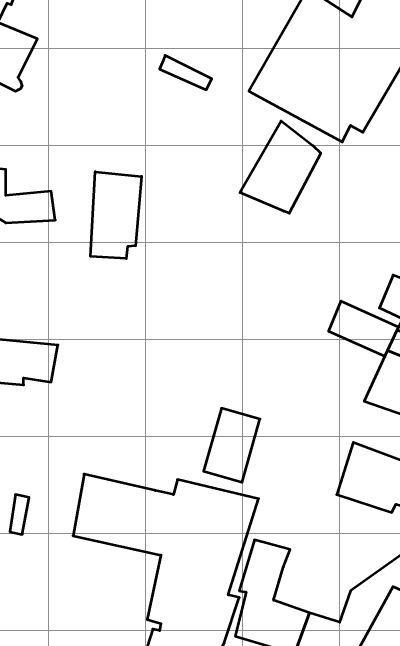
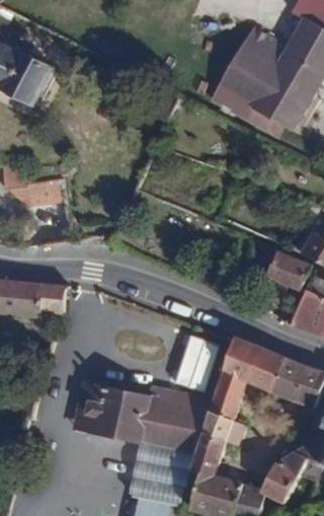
building: [240,121,321,213] -> none
building: [91,172,142,259] -> none
building: none -> [209,342,281,437]

